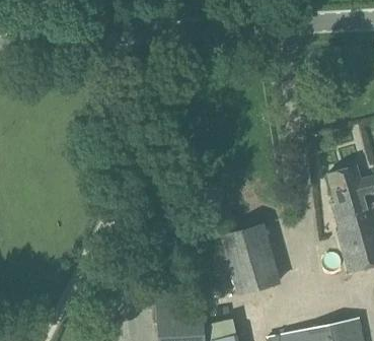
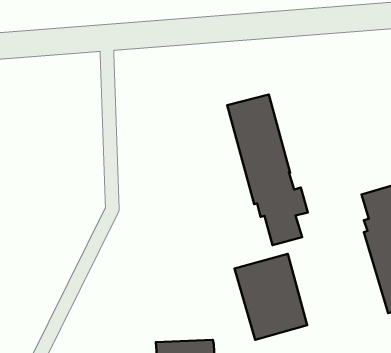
building: none -> [227,95,308,245]

